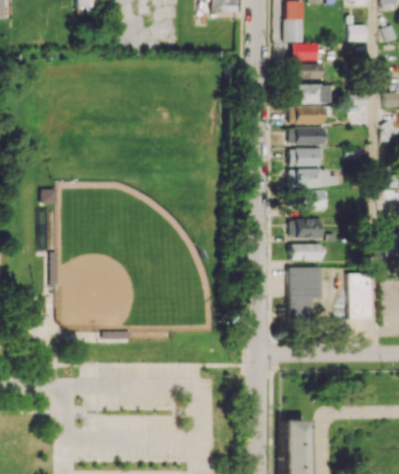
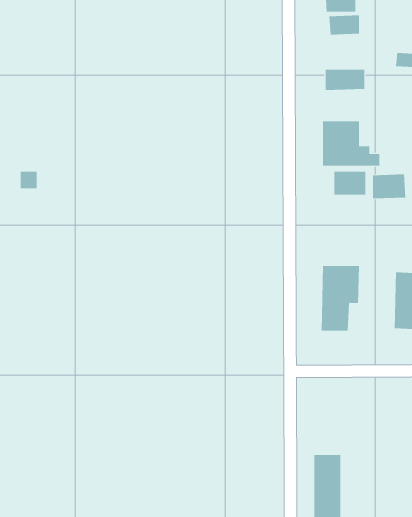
building: [294,83,327,103] -> none
building: [291,125,325,144] -> none
building: [296,217,324,238] -> [372,174,406,199]
building: [291,243,321,259] -> none

